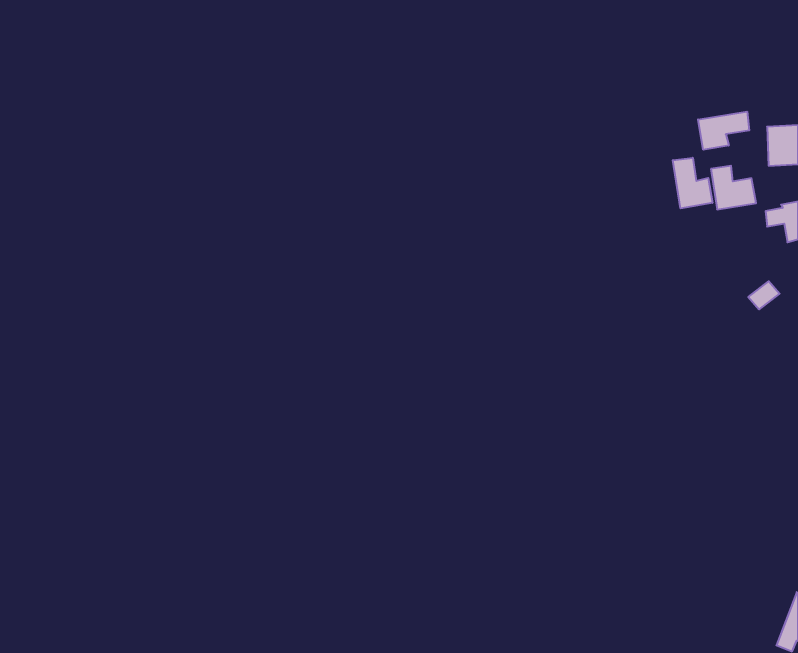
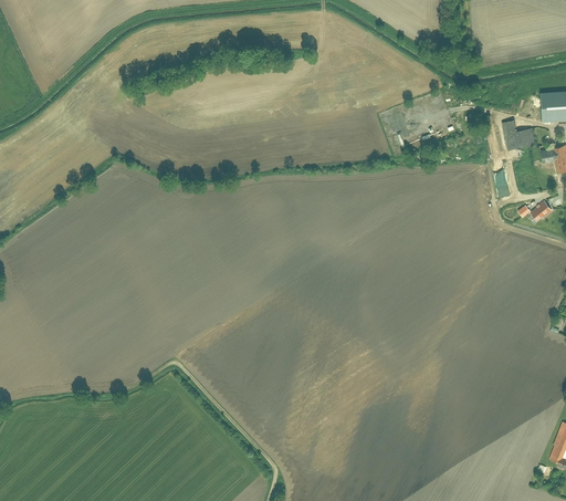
building: [698,112,749,150] -> none
building: [673,158,712,208] -> none

